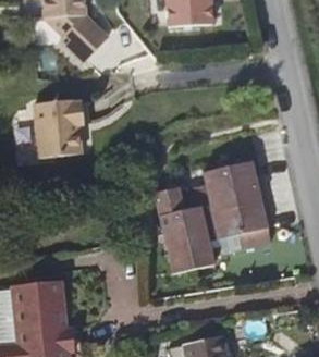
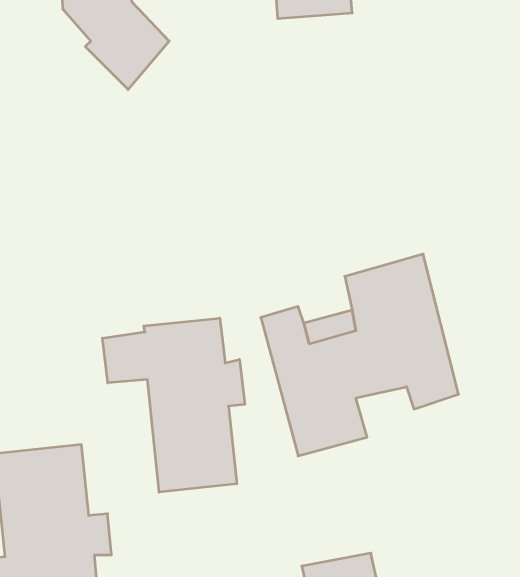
building: [30,101,81,159] -> none
building: none -> [102,318,245,492]

